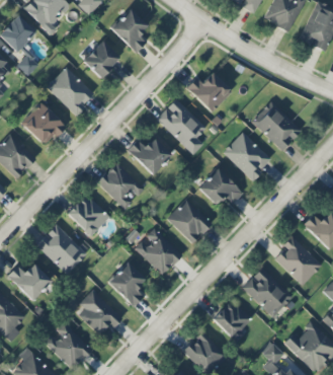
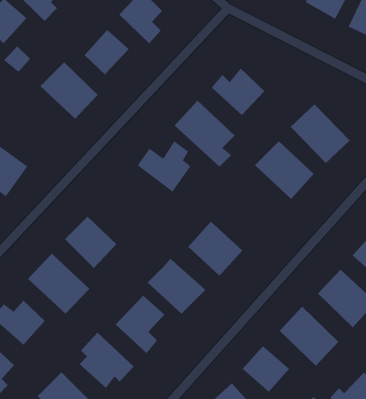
building: [20,102,65,146] -> none
building: [97,161,145,209] -> none
building: [198,167,243,205] -> none

